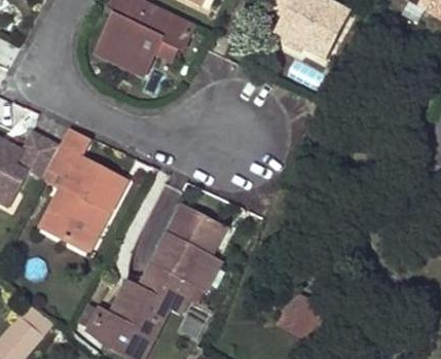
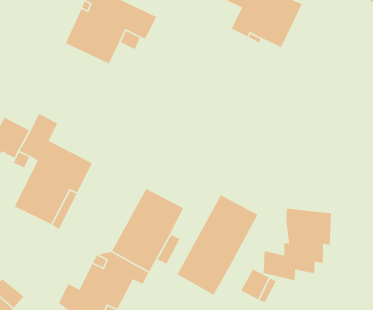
building: none -> [177,194,259,296]
building: none -> [263,208,332,282]

